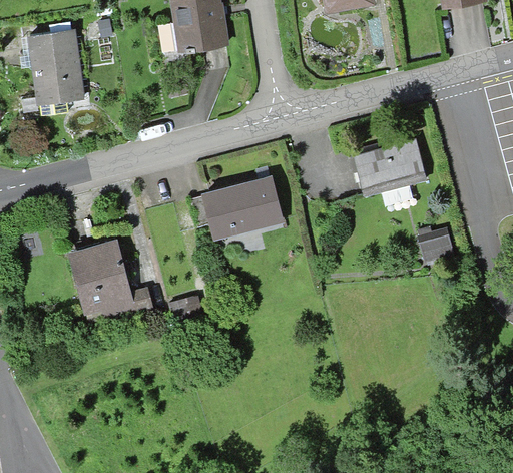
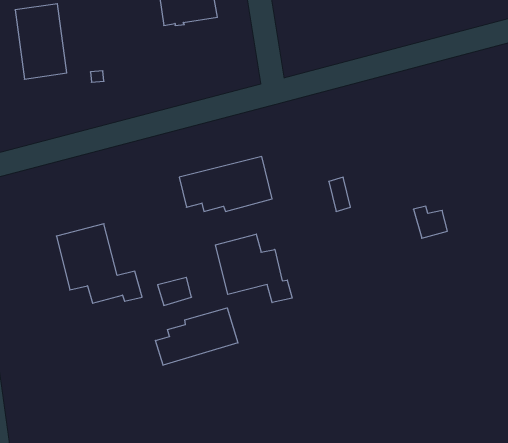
building: [354,140,427,204] -> none
building: none -> [215,234,292,303]
building: none -> [155,308,238,365]

